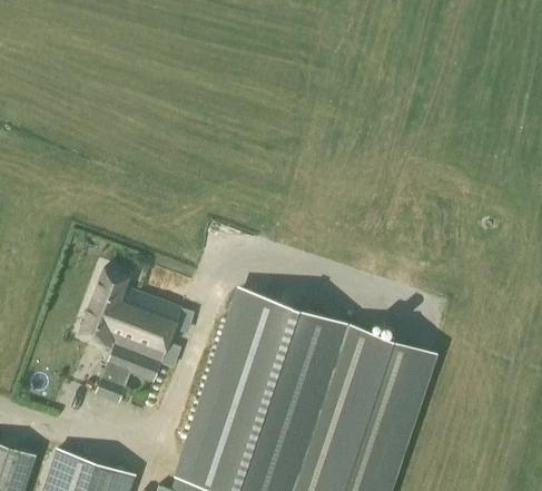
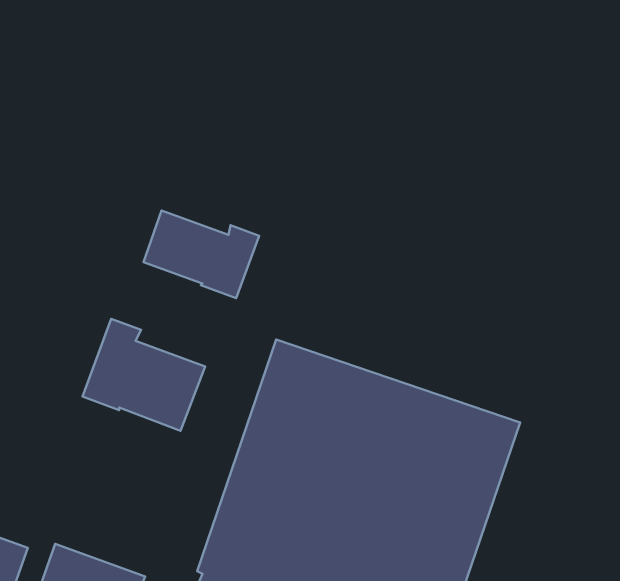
building: none -> [143,210,259,298]
building: [97,344,160,402] -> none

